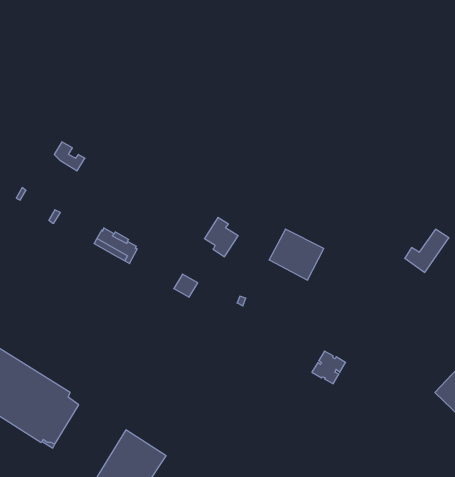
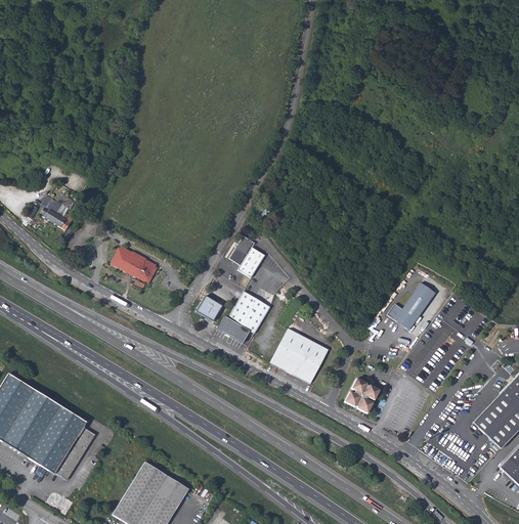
building: [54,142,85,171] -> [42,199,75,229]
building: [269,229,324,280] -> [269,328,328,382]
building: [405,229,449,272] -> [389,283,436,330]
building: none -> [218,291,270,343]

